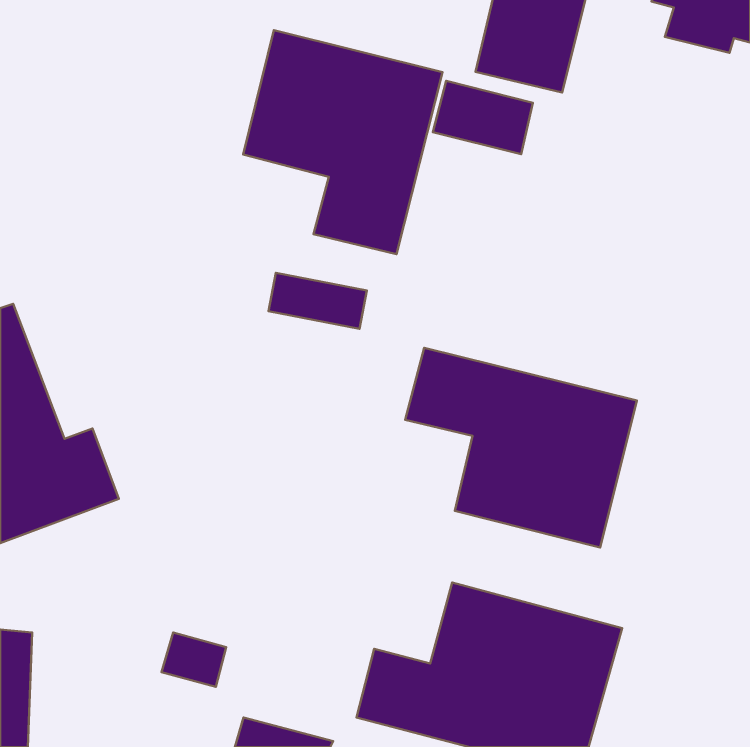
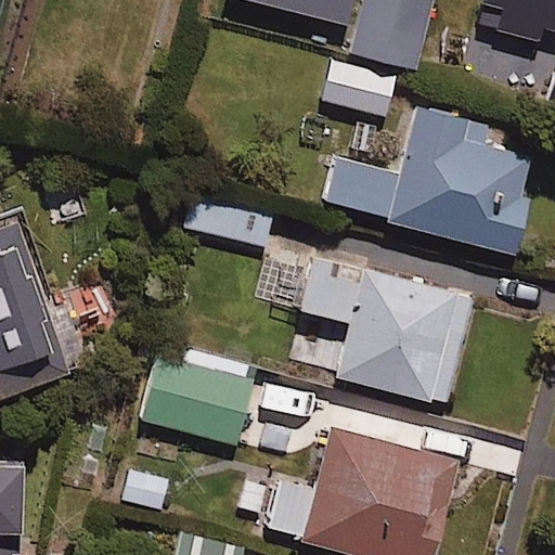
building: [243,30,442,254] -> none
building: none -> [325,108,530,255]
building: none -> [141,341,257,442]

